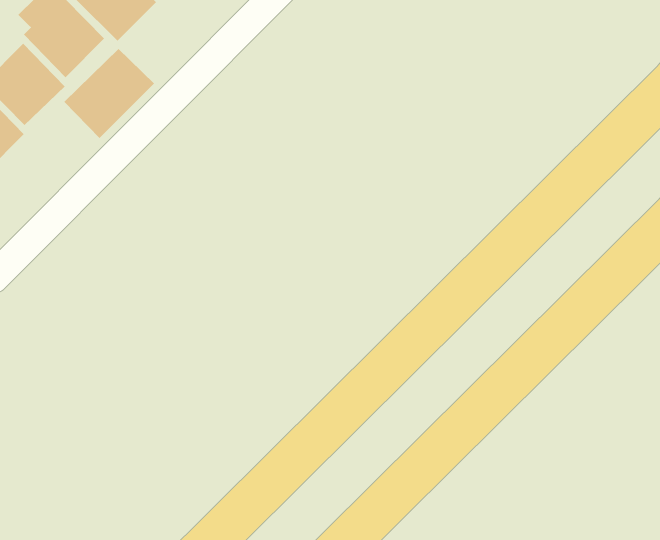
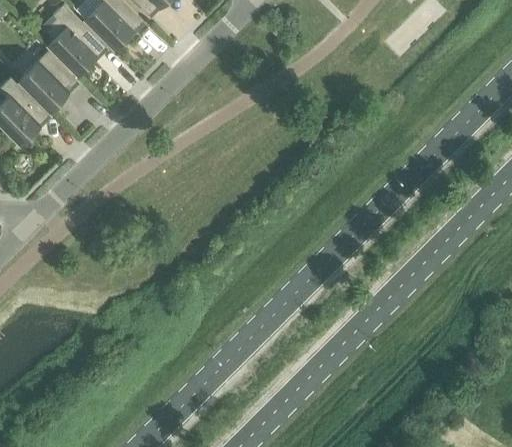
building: [63,48,155,139] -> none

